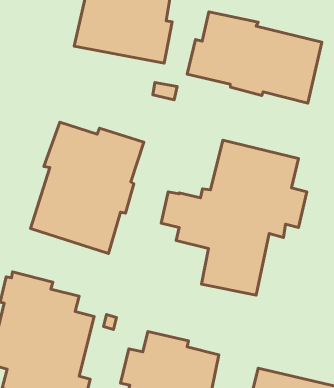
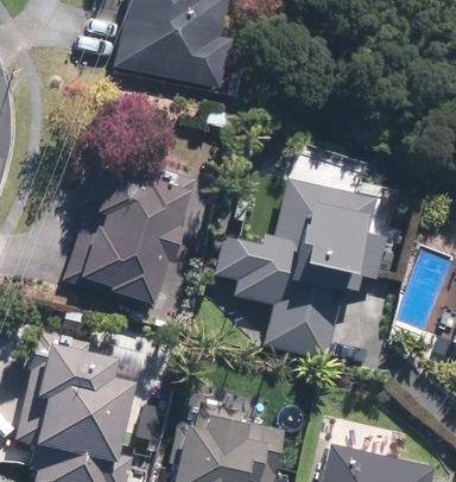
building: [187,12,322,103] -> none

